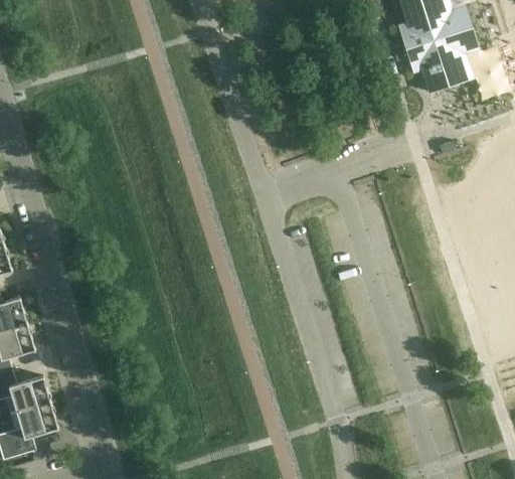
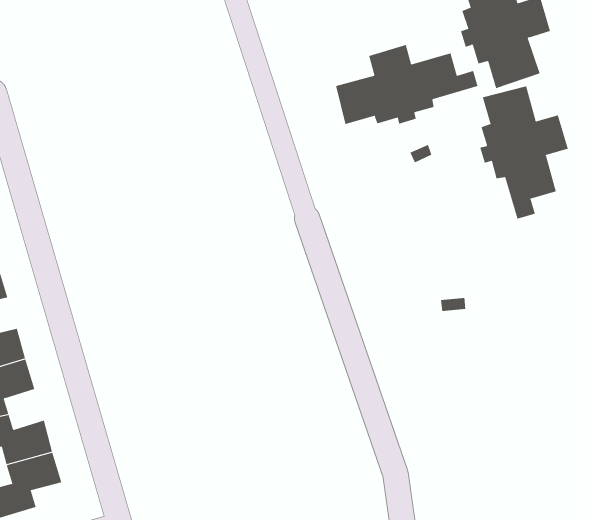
building: none -> [335,44,478,125]
building: none -> [479,85,568,220]

